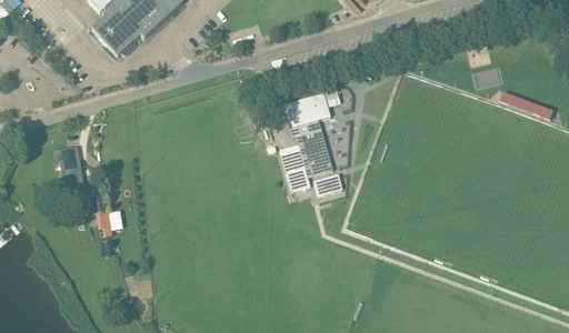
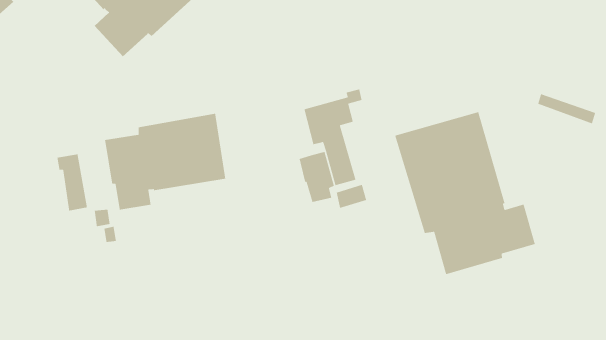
building: none -> [394,111,536,275]
building: none -> [104,113,226,210]

